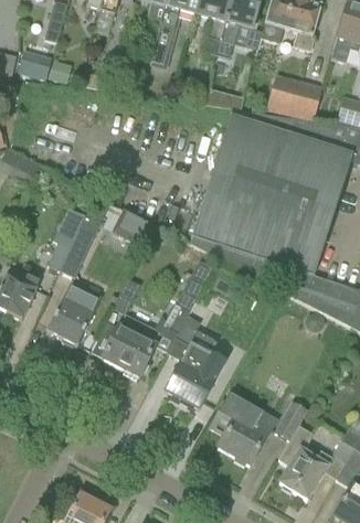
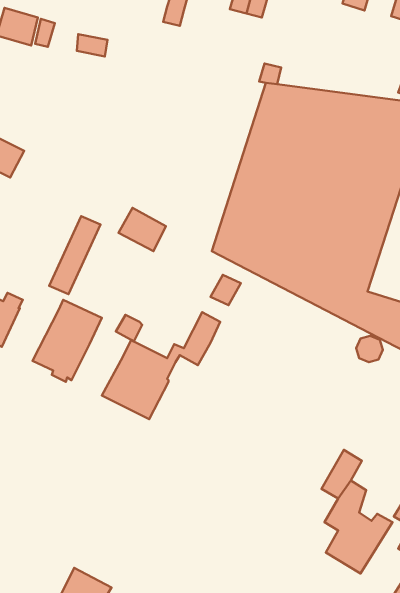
building: [268,75,320,118] -> none
building: [46,207,85,270] -> none
building: [165,316,223,408] -> none
building: [211,395,271,465] -> none

